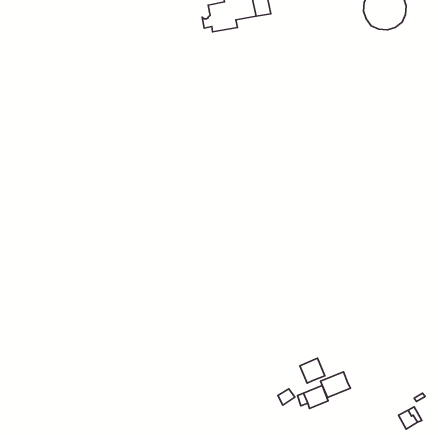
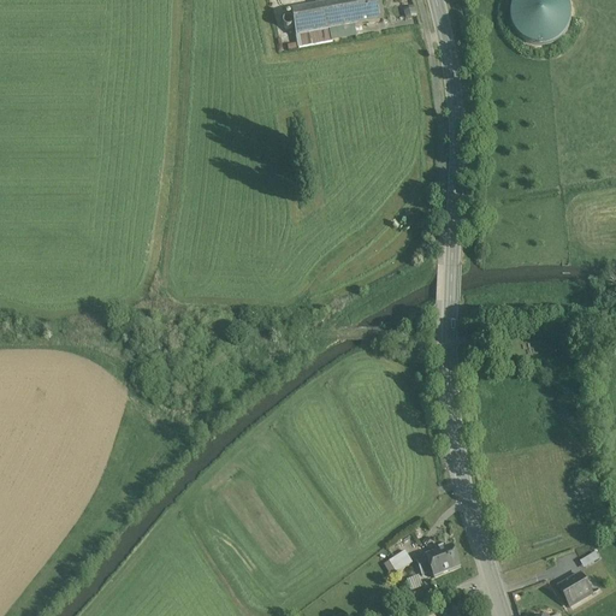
building: [300,358,325,383] -> none
building: [320,372,350,398] -> none

